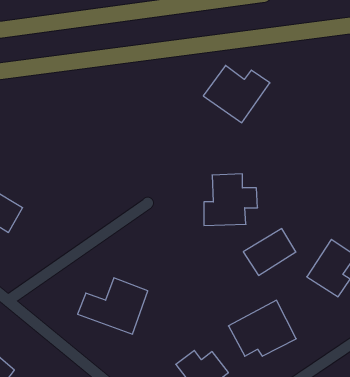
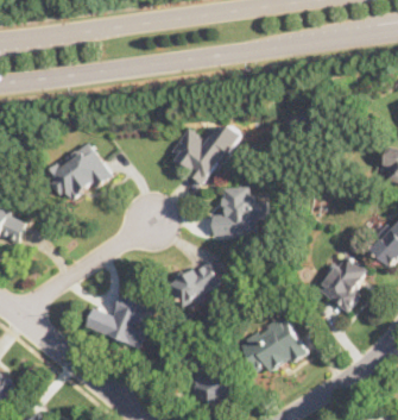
building: [203,65,270,123] -> [164,126,232,184]
building: none -> [44,143,110,205]
building: [243,229,296,275] -> [166,259,220,307]

